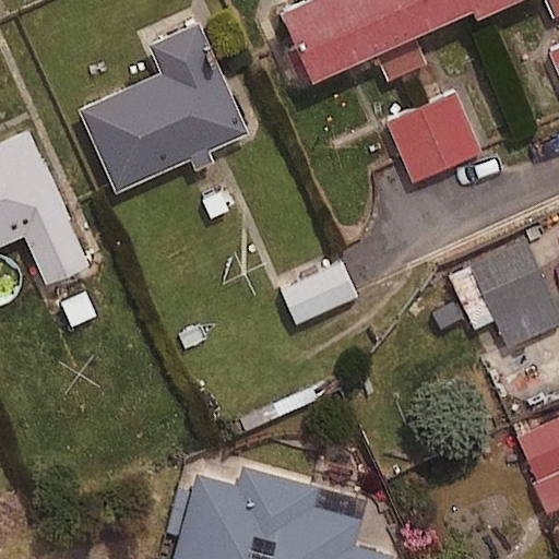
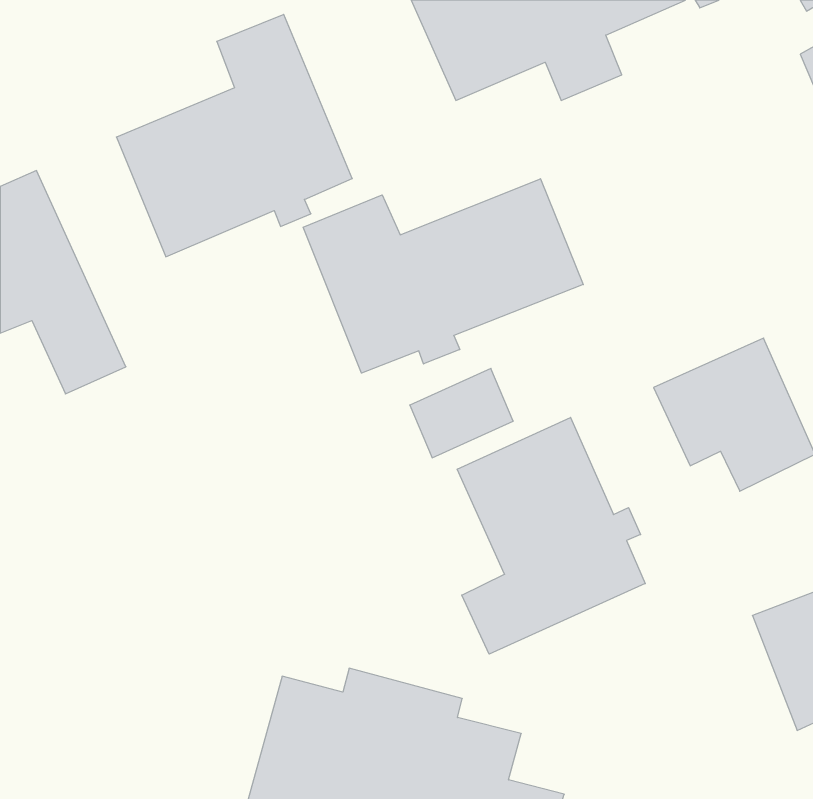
building: [392,103,481,190] -> none
building: none -> [303,179,583,373]
building: none -> [457,417,645,654]

